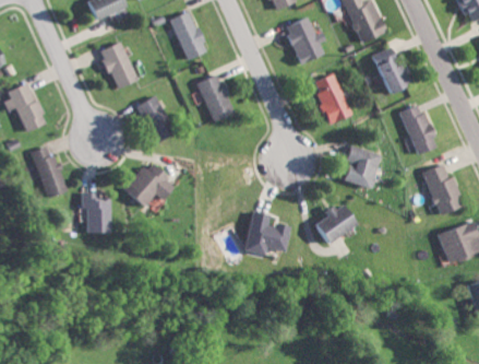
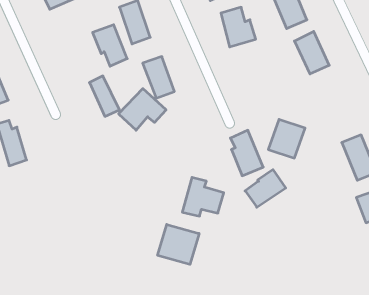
building: [99,42,139,89] -> [93,25,127,66]
building: [315,73,352,125] -> [230,130,263,176]
building: [403,105,434,154] -> none
building: [123,162,177,209] -> [119,89,166,130]
building: [83,192,111,234] -> none
building: none -> [158,224,199,264]

